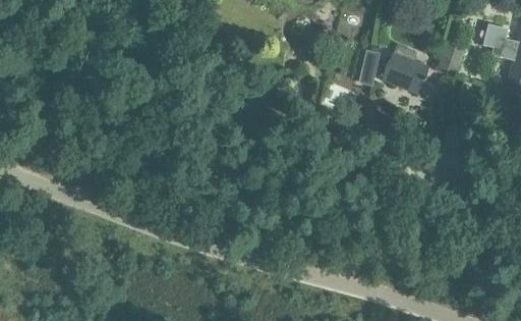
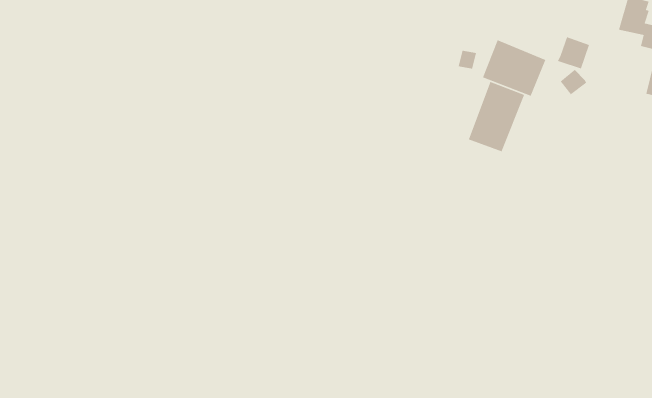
building: none -> [468,81,525,152]

